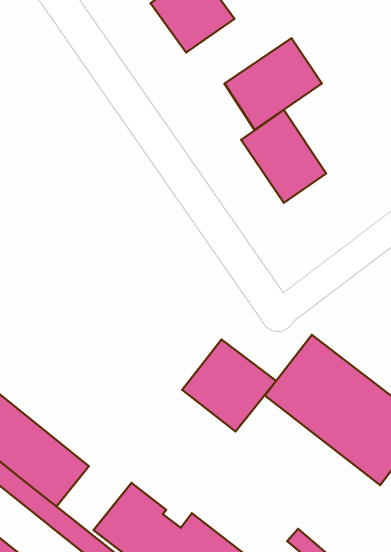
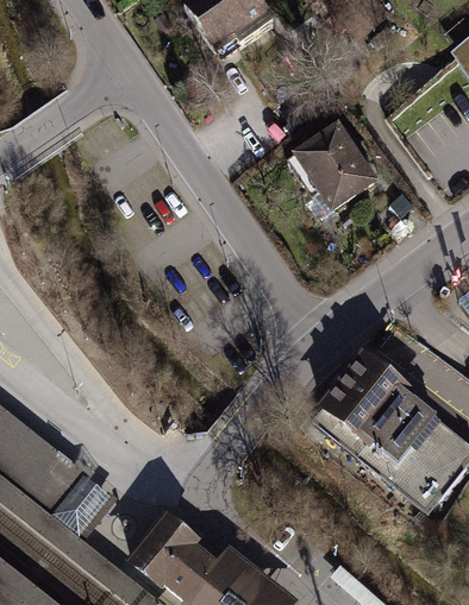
building: [225,38,322,130] -> none
building: [182,339,276,431] -> none

